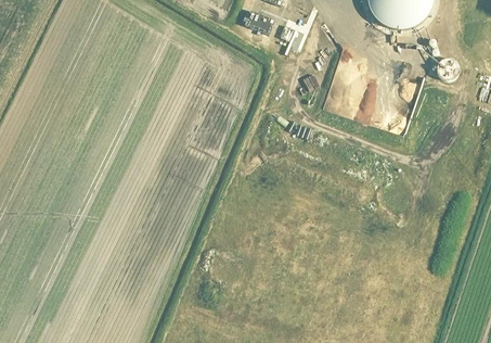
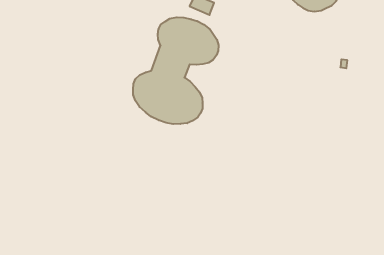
building: none -> [133,17,219,124]

